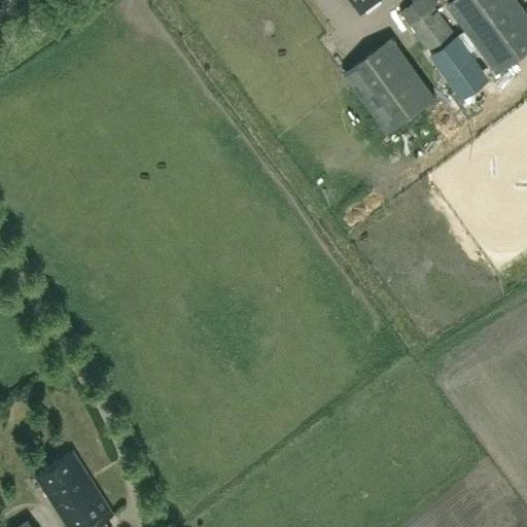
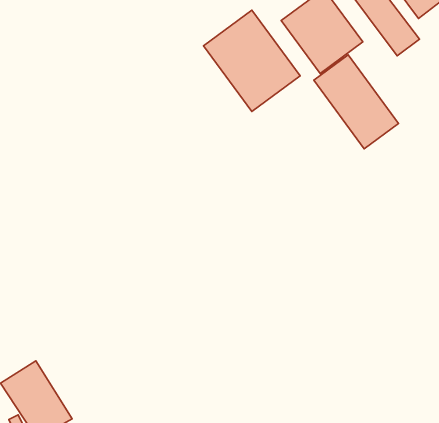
building: none -> [203,10,300,111]
building: none -> [314,55,399,149]

